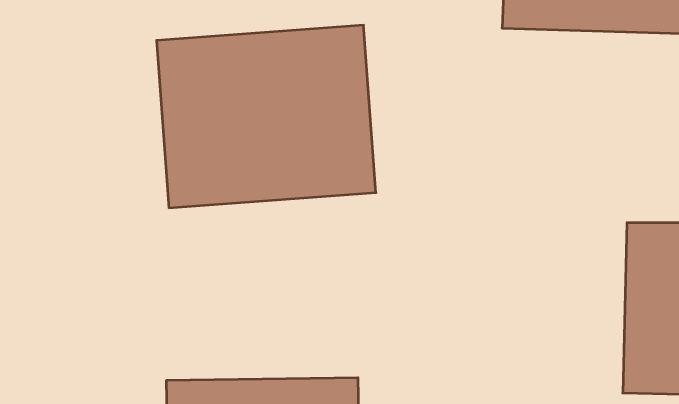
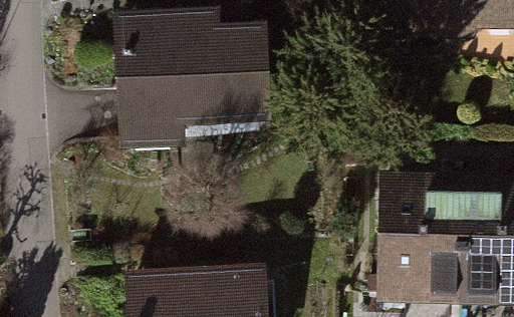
building: none -> [376,163,465,289]

